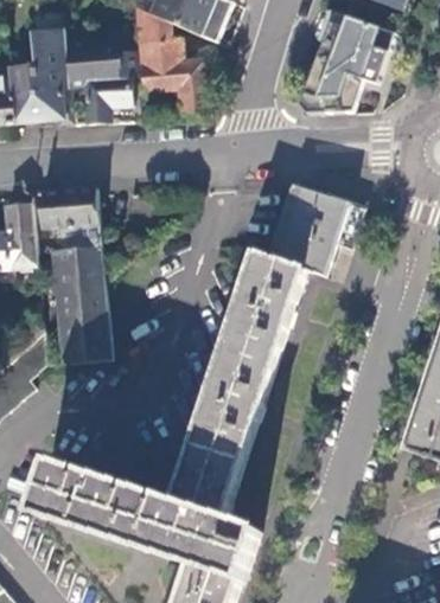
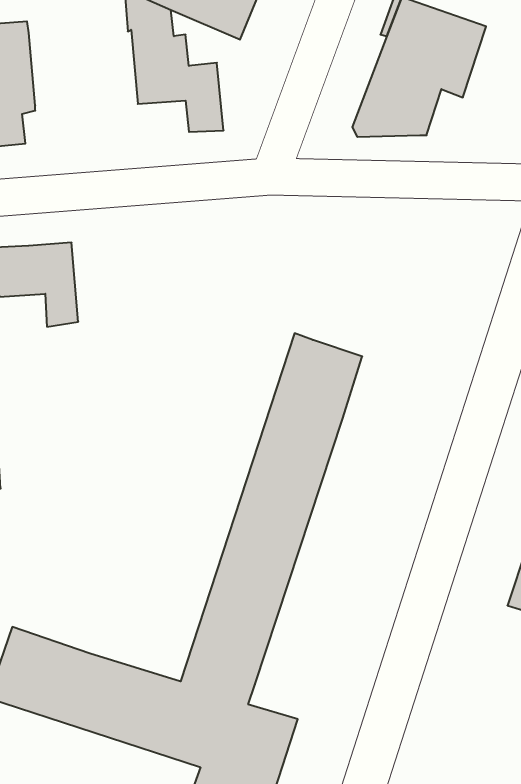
building: [63,36,138,120] -> none
building: [267,182,361,276] -> none
building: [58,244,109,361] -> none

